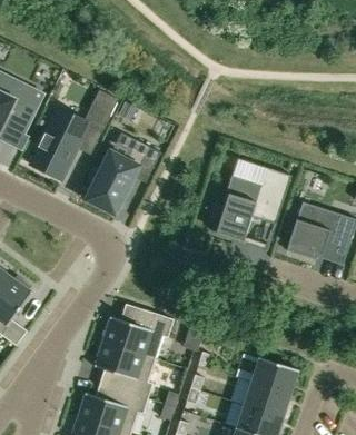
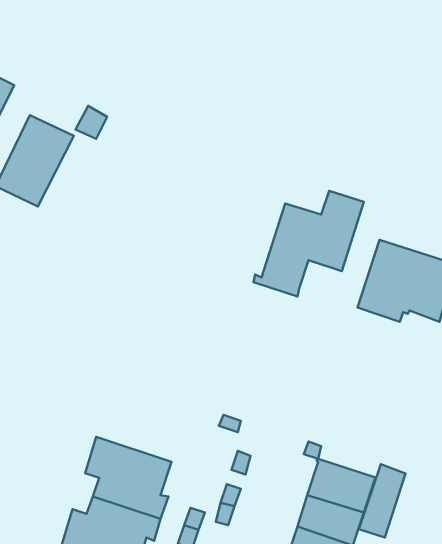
building: [87,140,160,214] -> none
building: [101,304,172,359] -> none
building: none -> [359,464,405,538]

